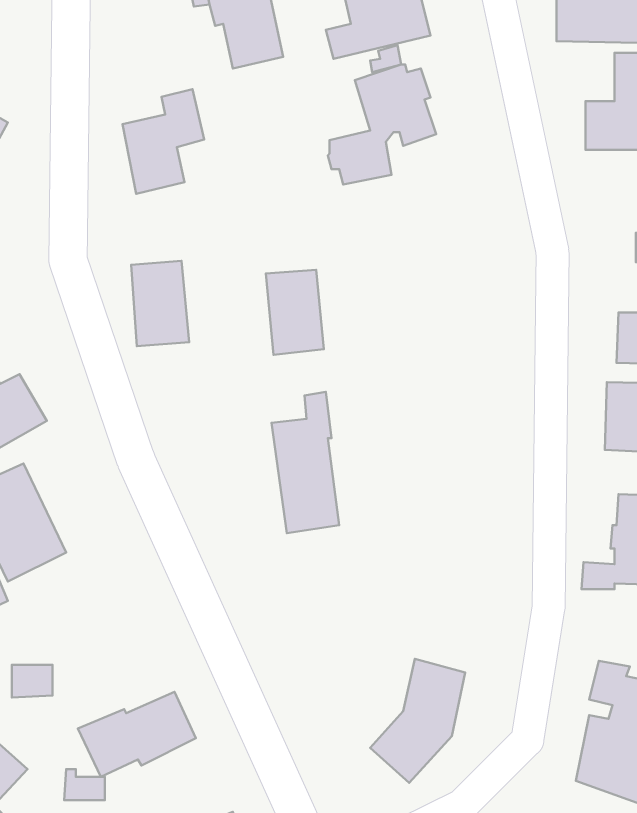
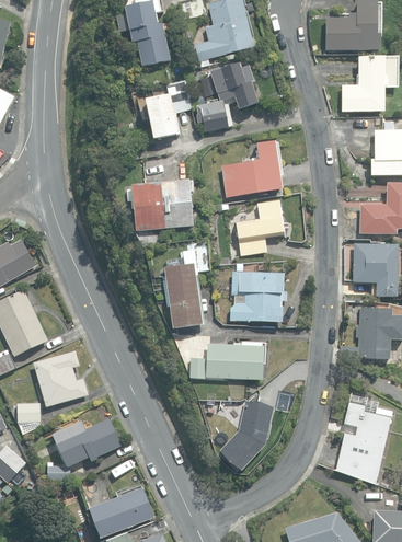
building: [123,89,204,194] -> [145,80,191,139]
building: none -> [220,141,282,197]
building: [131,261,189,346] -> [131,182,164,230]
building: none -> [234,200,283,255]
building: none -> [229,270,286,322]
building: none -> [189,342,265,379]
building: none -> [33,349,88,406]

